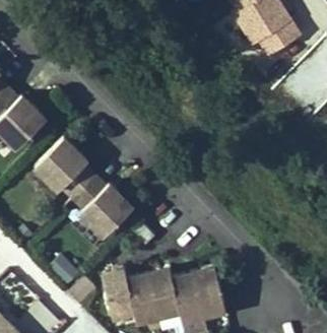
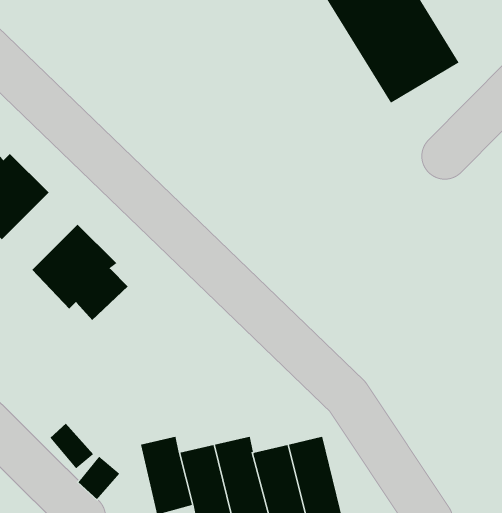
building: [73,178,133,238] -> none

